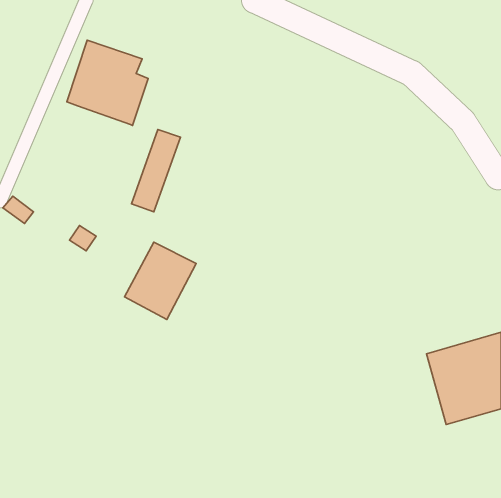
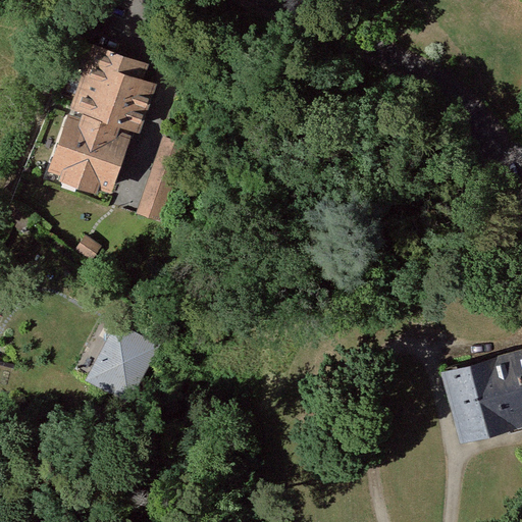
building: none -> [47,113,136,193]
building: [125,242,196,319] -> [85,323,159,404]

